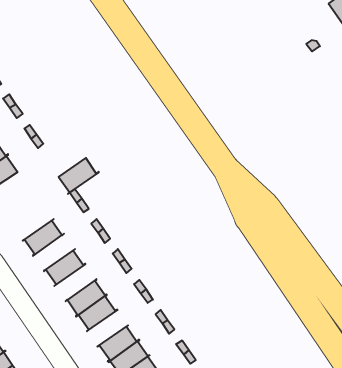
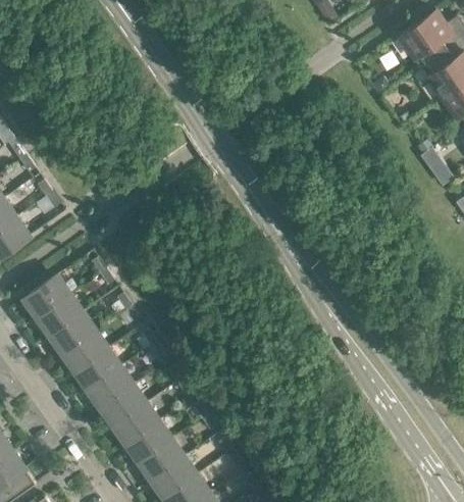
building: [59,158,99,194] -> [23,275,71,318]
building: none -> [47,310,97,354]
building: none -> [72,347,122,391]
building: none -> [111,401,160,445]

